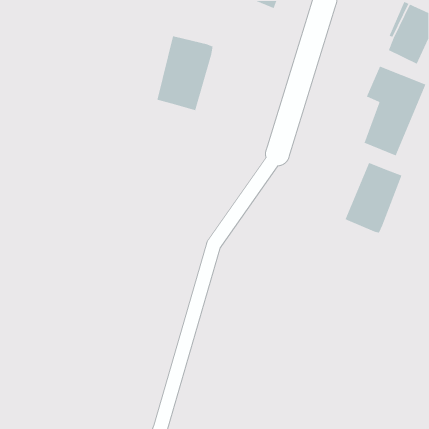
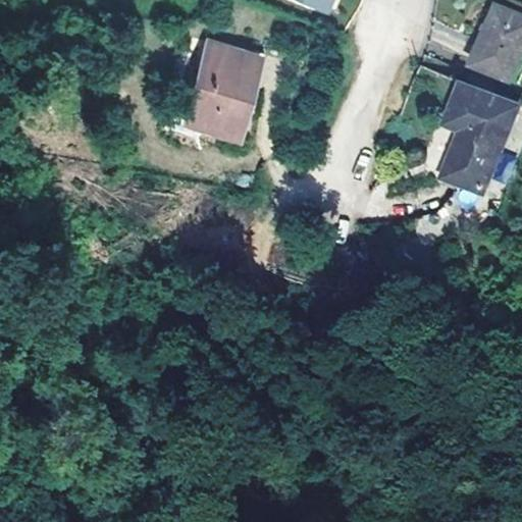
building: none -> [209,47,267,146]
building: [344,162,402,234] -> none

